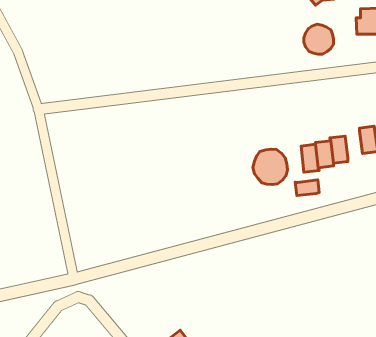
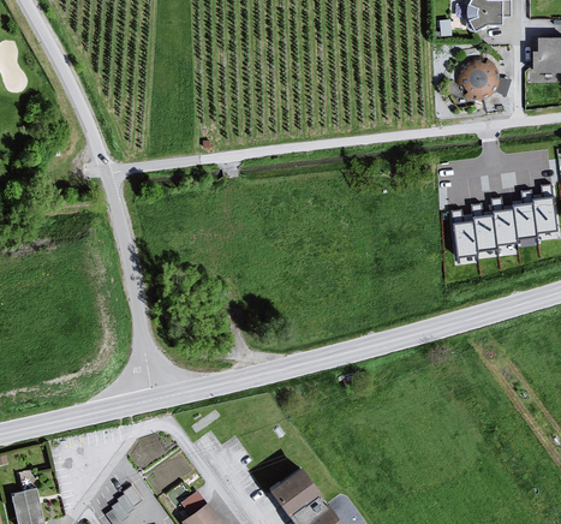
building: none -> [515,201,541,237]
building: [253,149,287,185] -> none
building: [295,180,319,196] -> none

